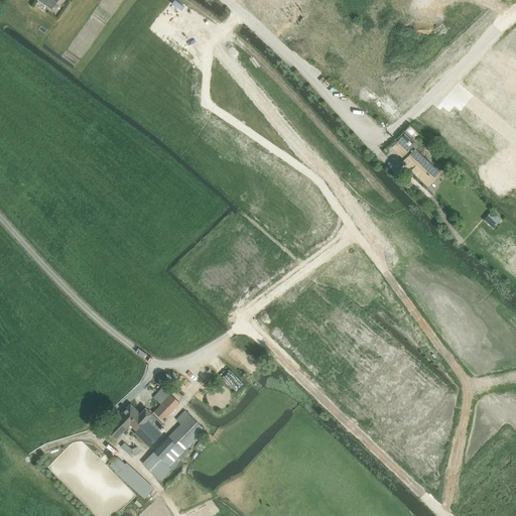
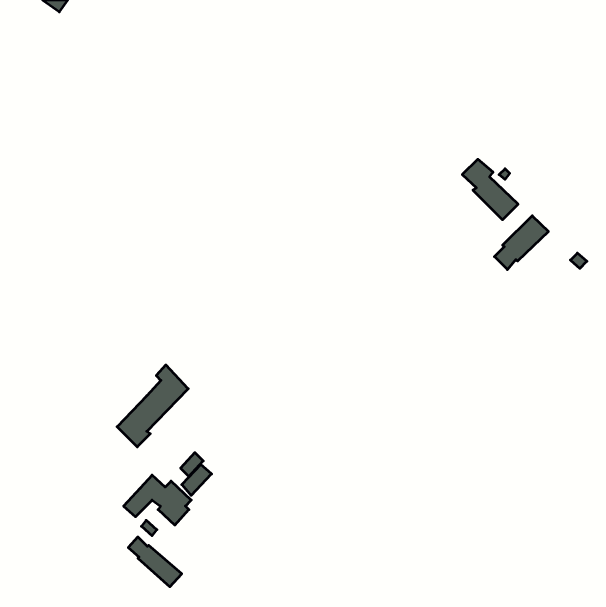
building: none -> [494,216,548,270]
building: [144,410,205,480] -> [117,365,188,447]

